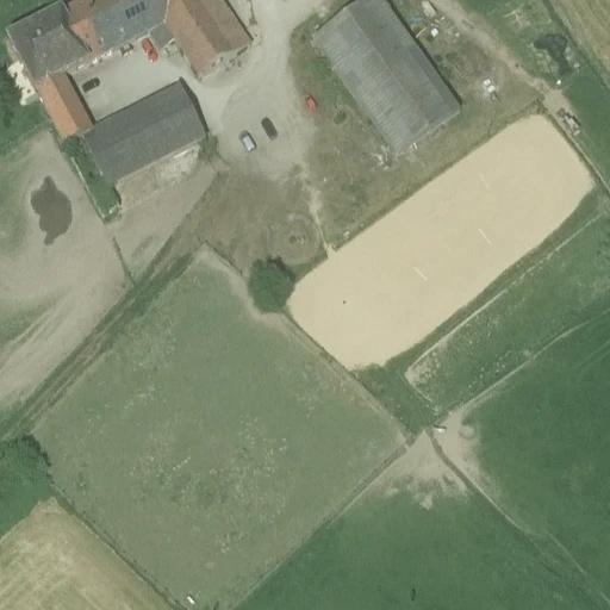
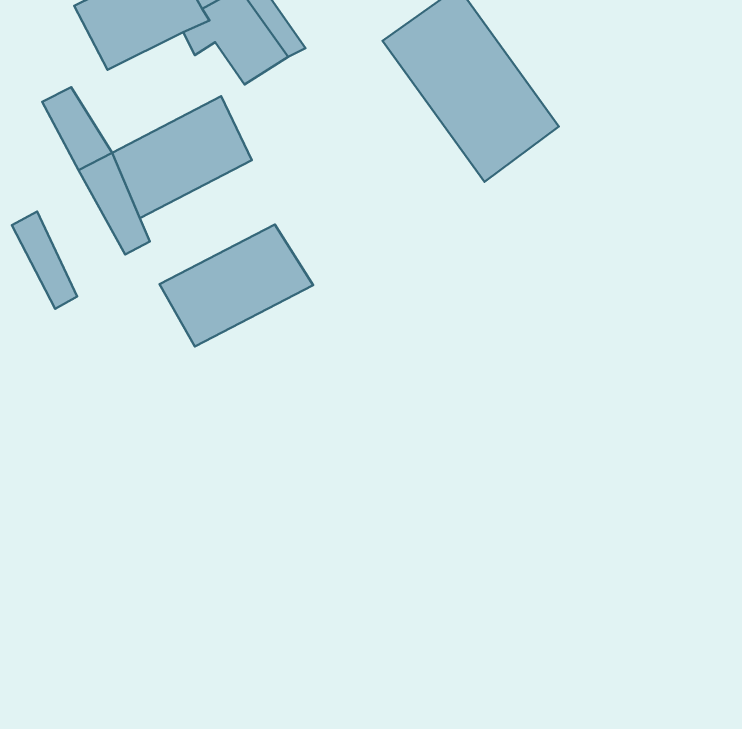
building: [6,5,89,85] -> none
building: none -> [12,212,77,309]
building: none -> [160,224,313,347]

